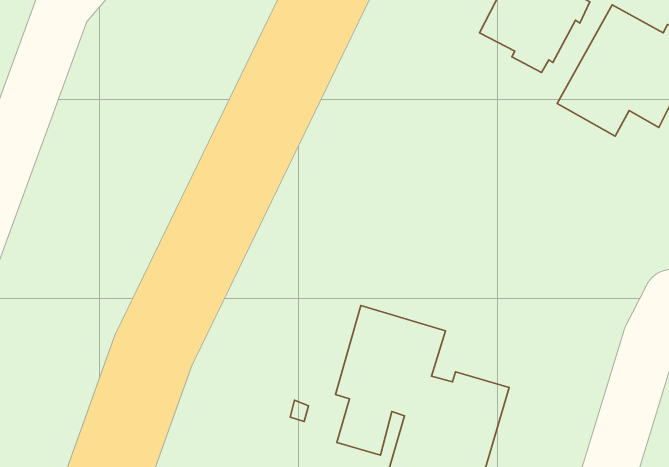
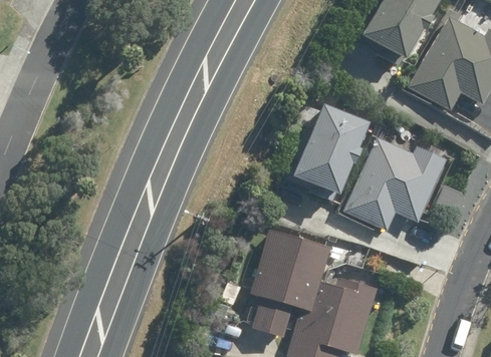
building: none -> [286,103,367,200]
building: none -> [344,137,447,229]

